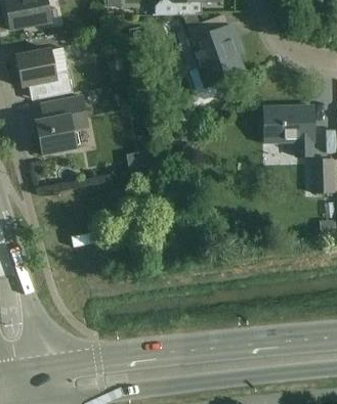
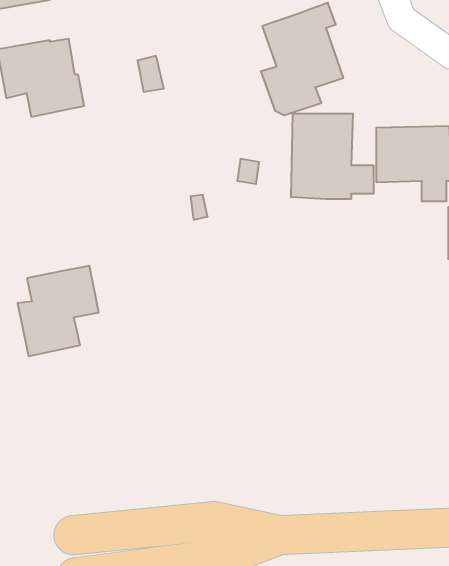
building: [35,95,88,154] -> [18,266,99,356]
building: none -> [291,114,373,199]

